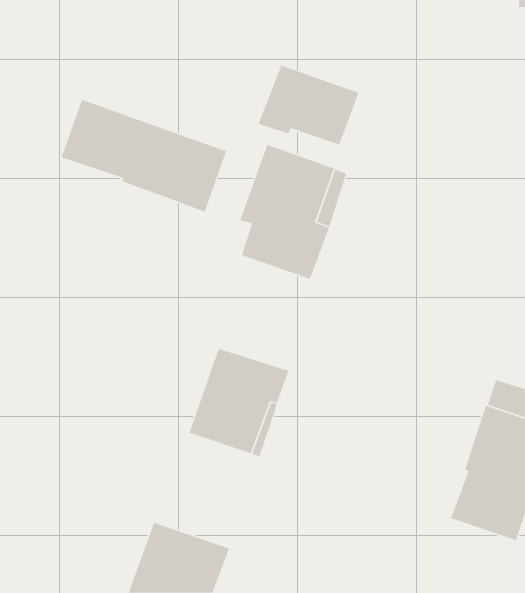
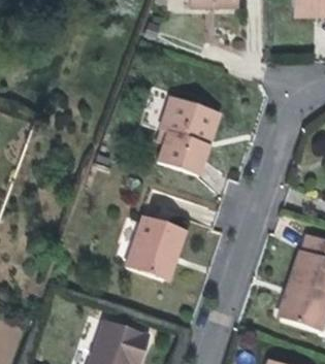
building: [258,64,360,146] -> none
building: [61,99,228,212] -> none

